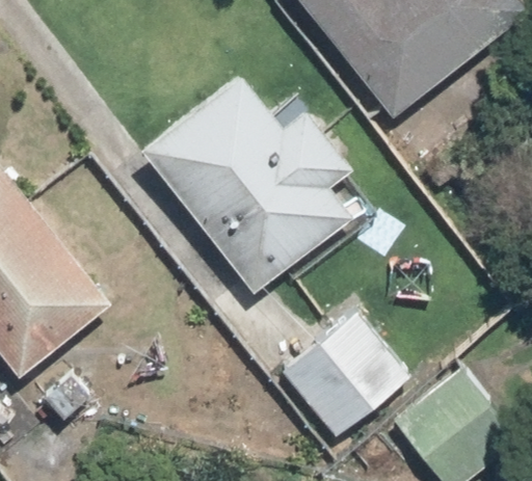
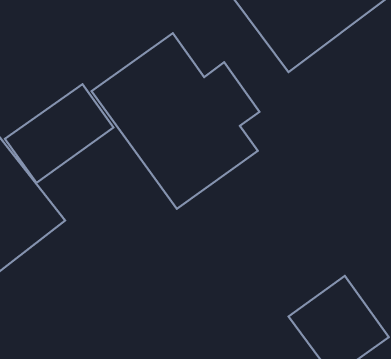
building: none -> [5,84,114,183]
building: [282,313,408,438] -> none

